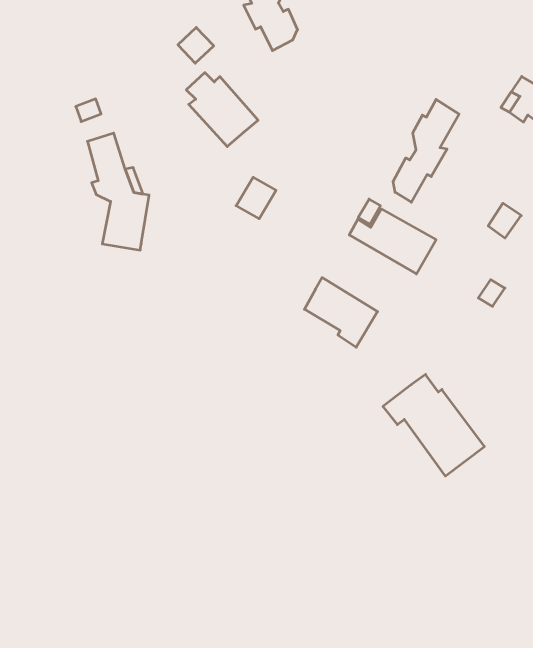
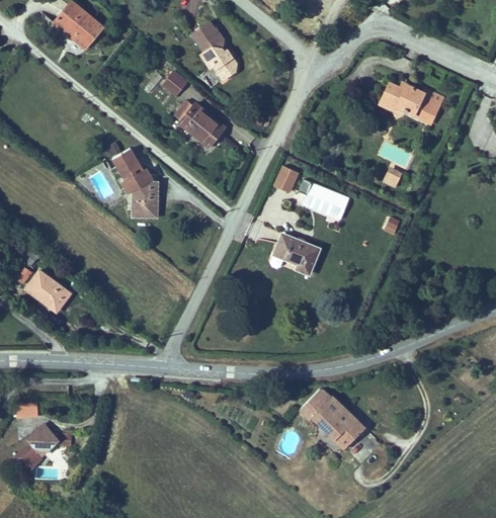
building: [393,99,459,202] -> none
building: [236,177,276,219] -> [273,165,298,191]
building: [383,374,484,476] -> [297,385,366,449]

